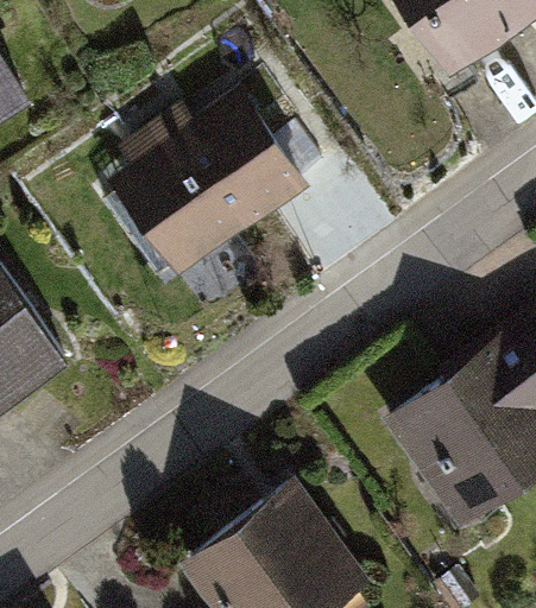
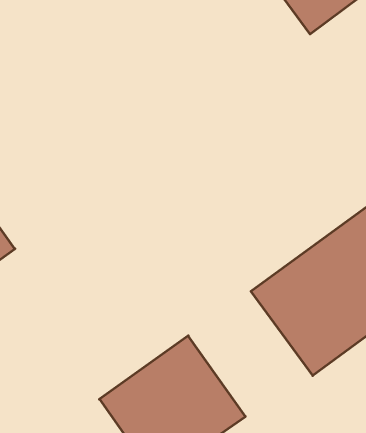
building: [109,89,309,277] -> none

